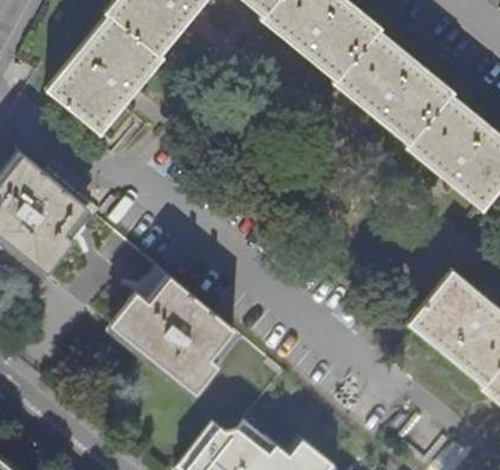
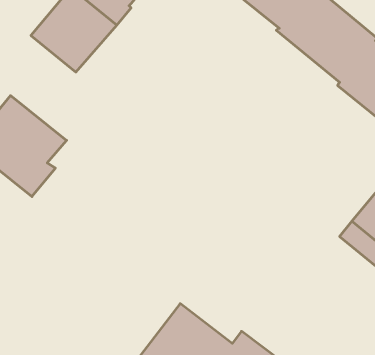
building: [113,282,237,398] -> none

